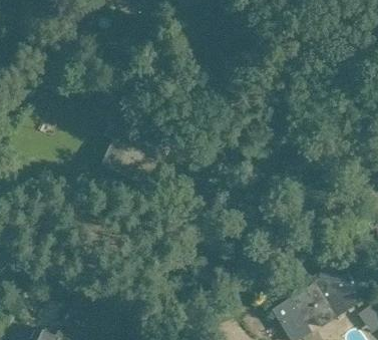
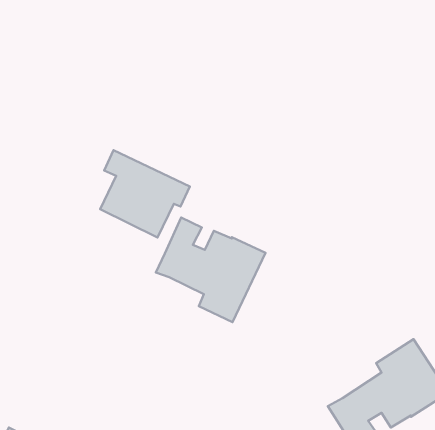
building: none -> [156,218,266,322]

